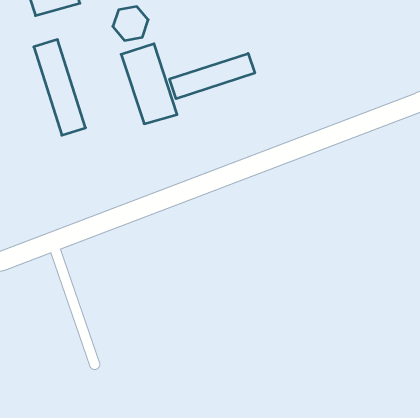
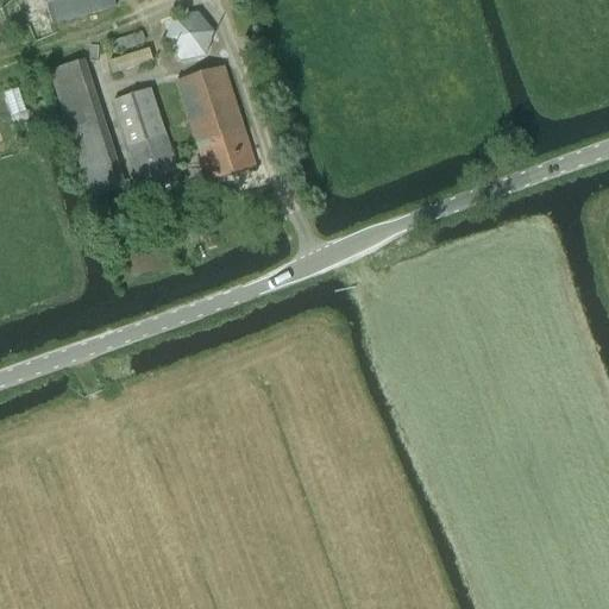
building: [170,53,255,99] -> none
building: none -> [113,87,181,190]

